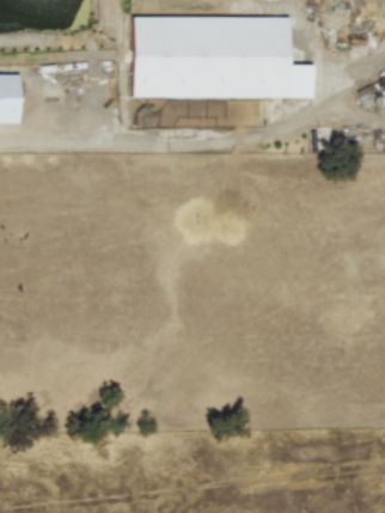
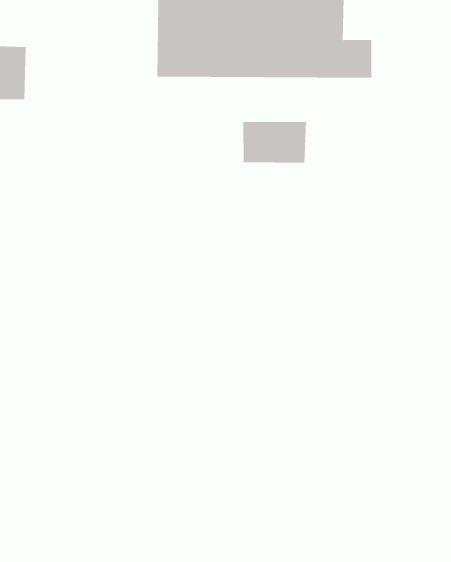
building: none -> [243,121,306,163]

